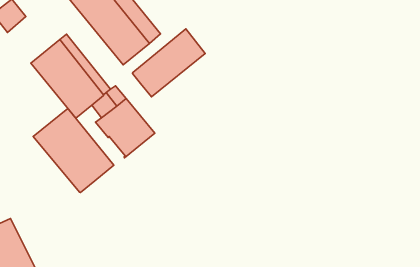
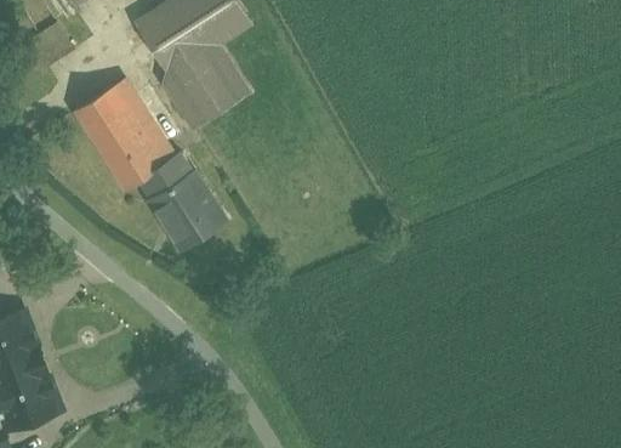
building: [132,29,205,97] -> none
building: [33,108,114,192] -> none

